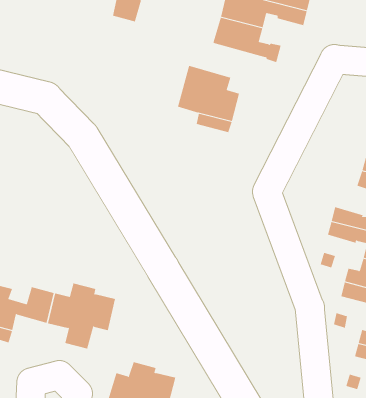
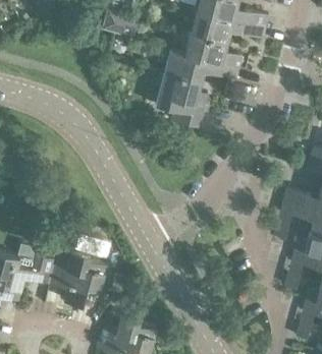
building: none -> [165,49,238,81]

